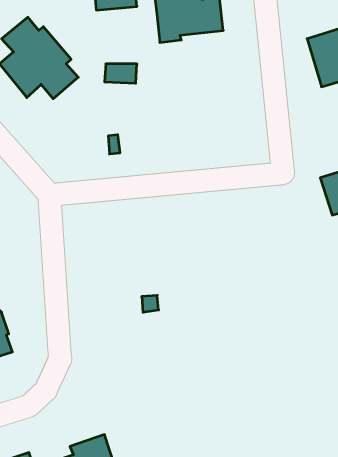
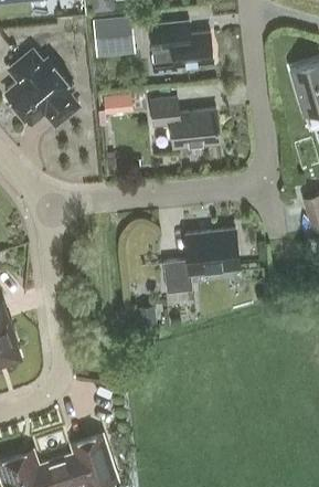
building: none -> [150,97,220,148]
building: none -> [163,230,240,293]

